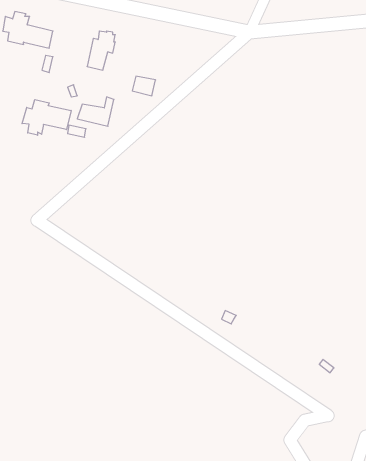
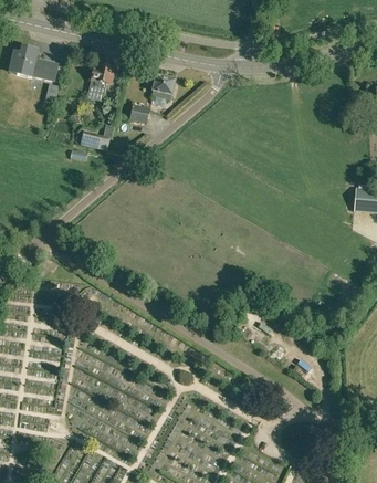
building: none -> [150,74,176,101]
building: [22,100,71,135] -> none

